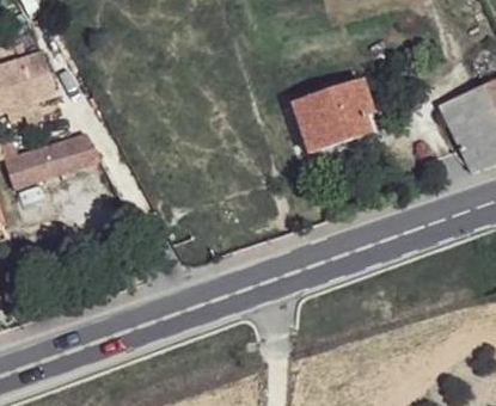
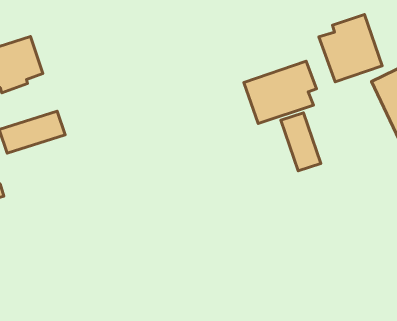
building: none -> [319,15,382,82]
building: none -> [281,113,321,171]

